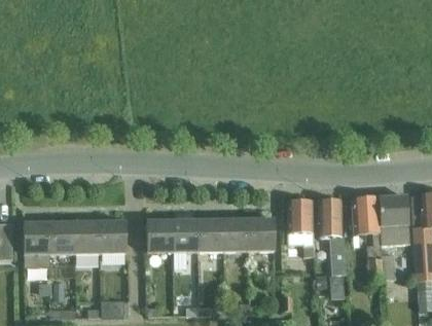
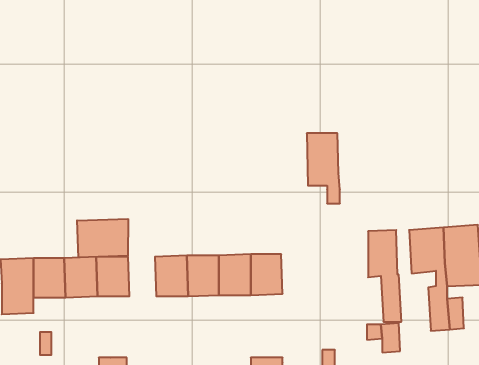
building: none -> [77,219,128,257]
building: [288,201,315,257] -> [307,133,340,203]
building: [249,219,276,251] -> none

